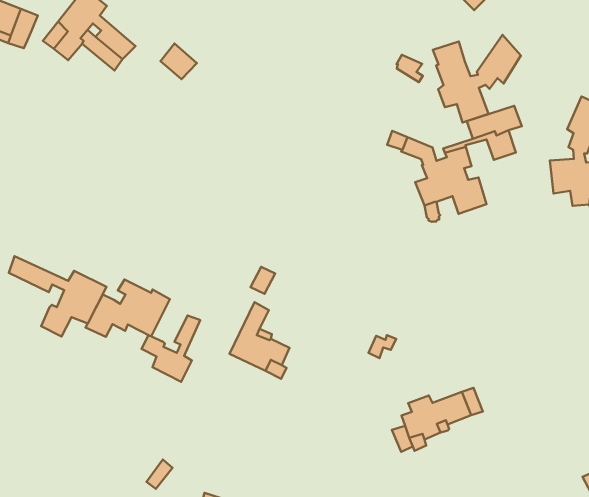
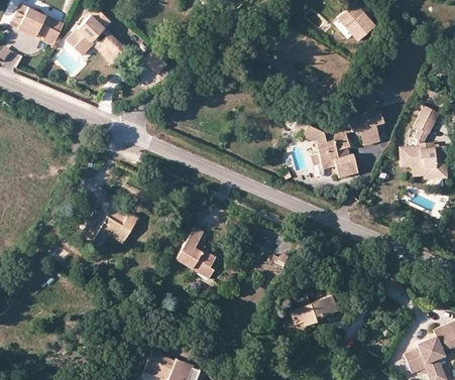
building: [433,35,521,123] -> none
building: [9,256,107,336] -> none
building: [141,316,200,382] -> none

